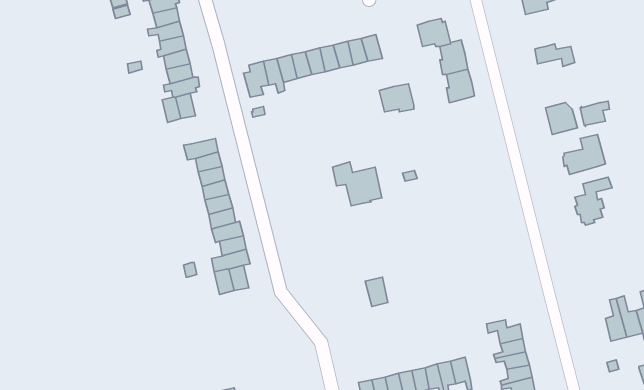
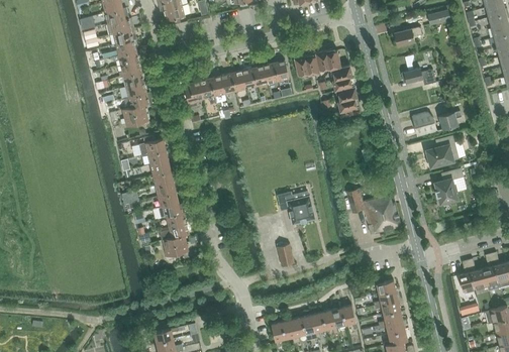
building: [379,84,414,112] -> [294,53,320,75]
building: [333,162,382,206] -> [278,192,315,225]
building: none -> [347,188,401,235]

